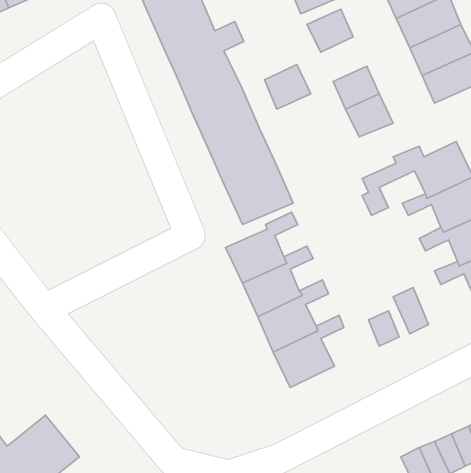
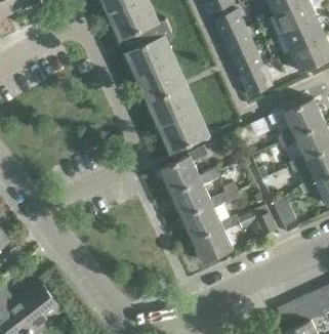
building: [265,64,311,109] -> [223,29,254,58]

